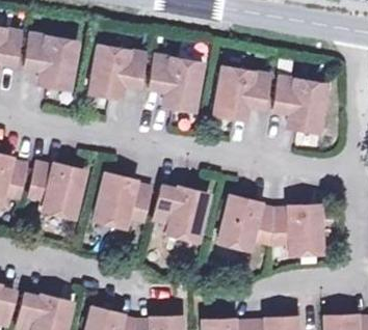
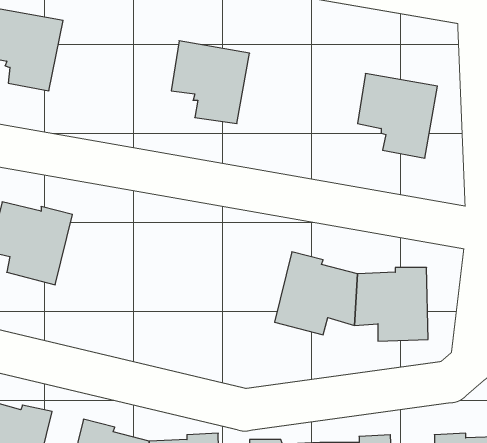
building: [90,45,146,97] -> none
building: [215,66,270,119] -> none
building: [95,172,152,227] -> none
building: [155,186,210,241] -> none

